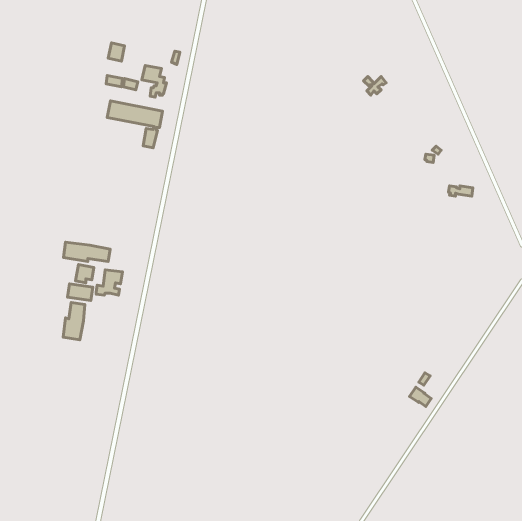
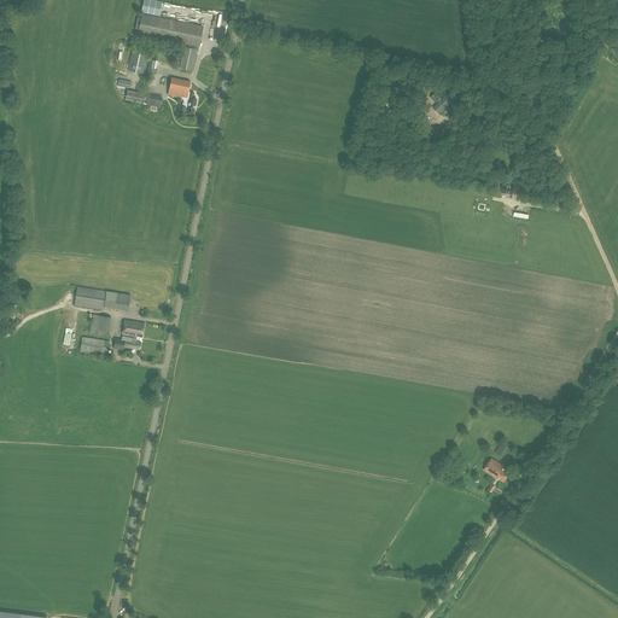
building: [107,101,162,148] -> [138,13,203,69]
building: [63,303,85,340] -> none

